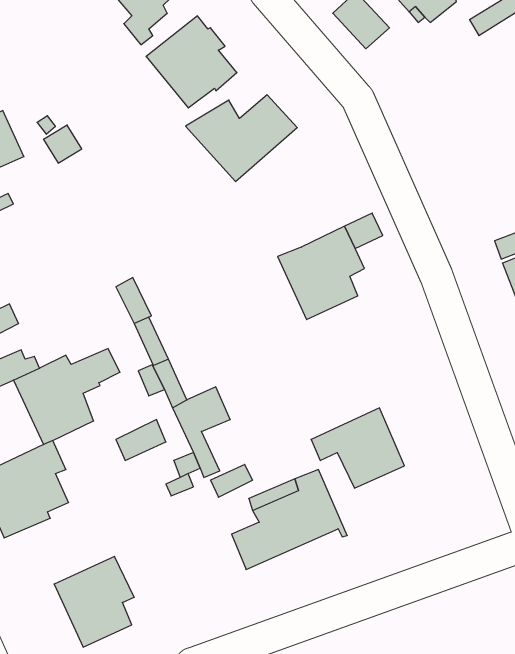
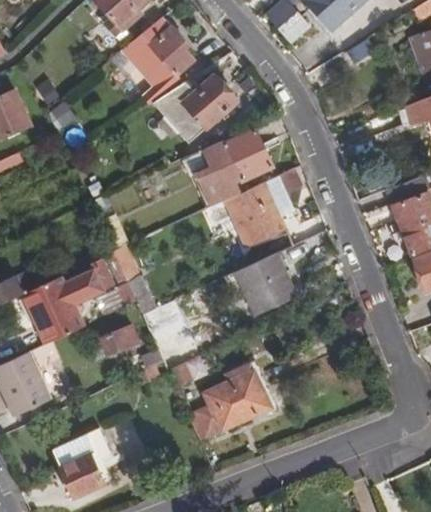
building: none -> [197,132,272,207]
building: [311,408,404,488] -> [223,255,294,316]

